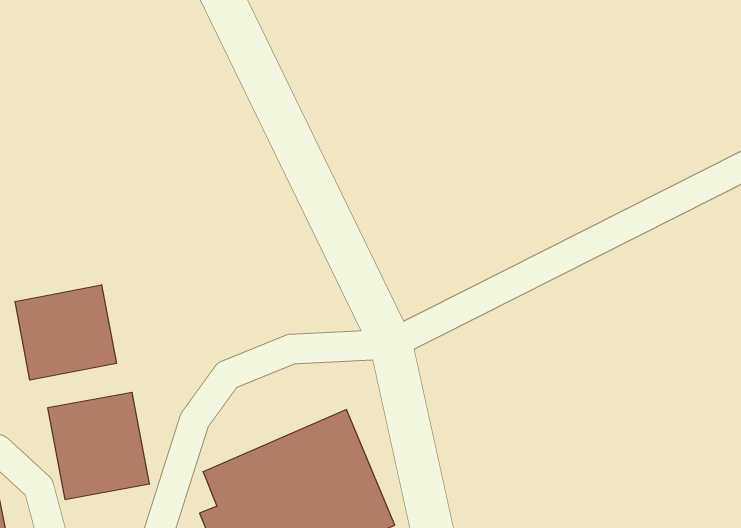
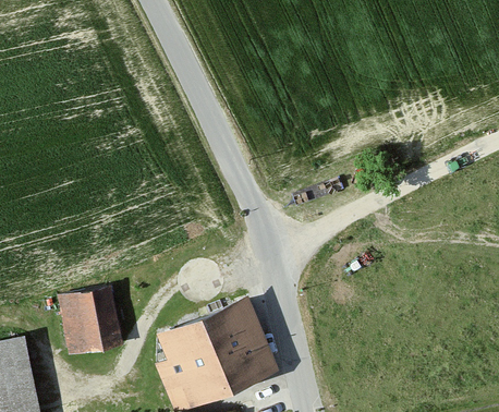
building: [15,285,116,380] -> none

